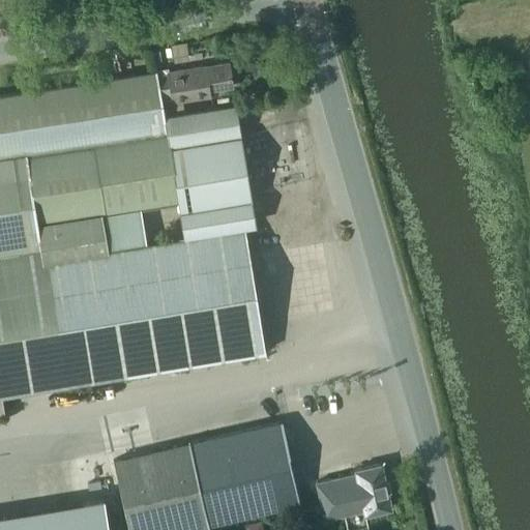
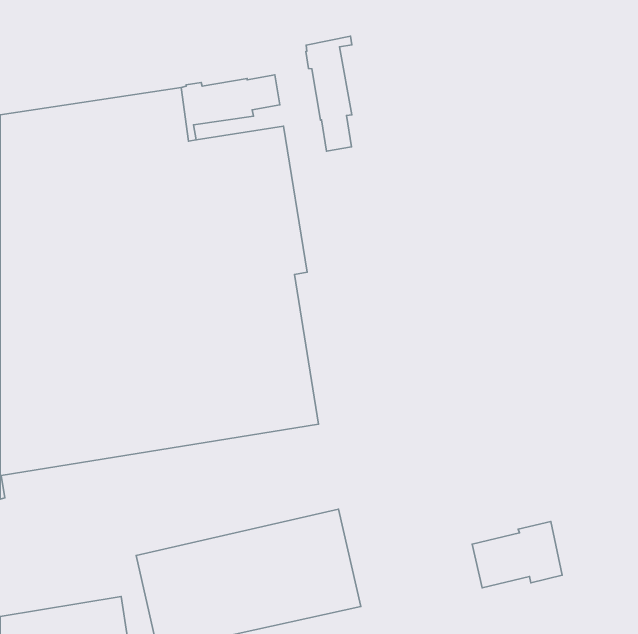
building: none -> [306,36,352,151]
building: [316,467,390,522] -> [472,522,562,588]

